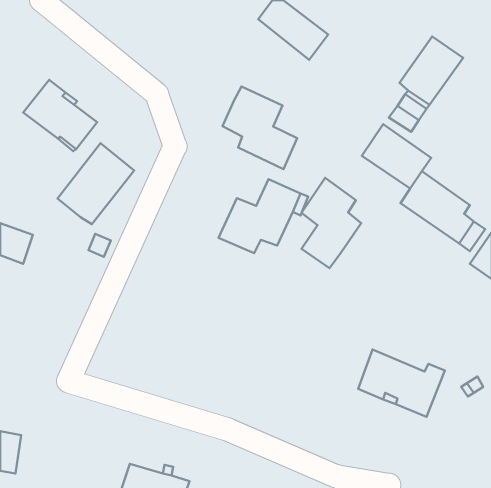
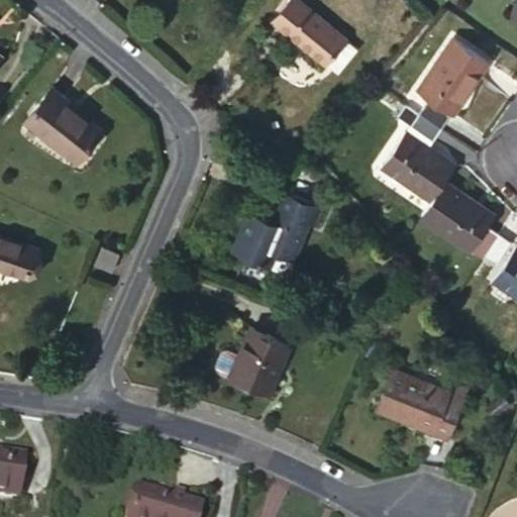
building: [222,86,297,169] -> none
building: [57,143,134,224] -> none
building: [301,178,361,268] -> none
building: none -> [229,333,289,396]

